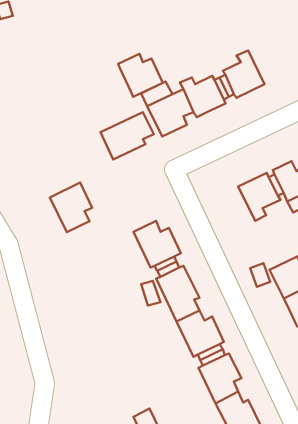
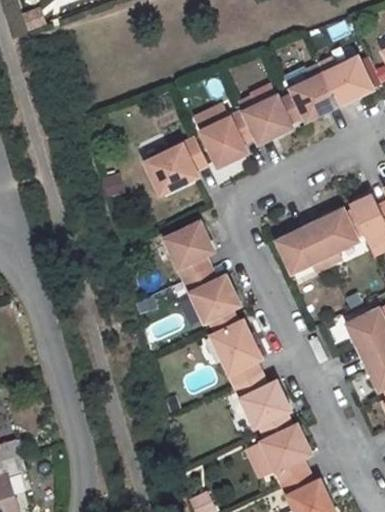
building: none -> [320,56,373,104]
building: [118,54,163,97] -> none
building: [50,182,92,232] -> [164,220,214,279]
building: none -> [275,225,328,274]

